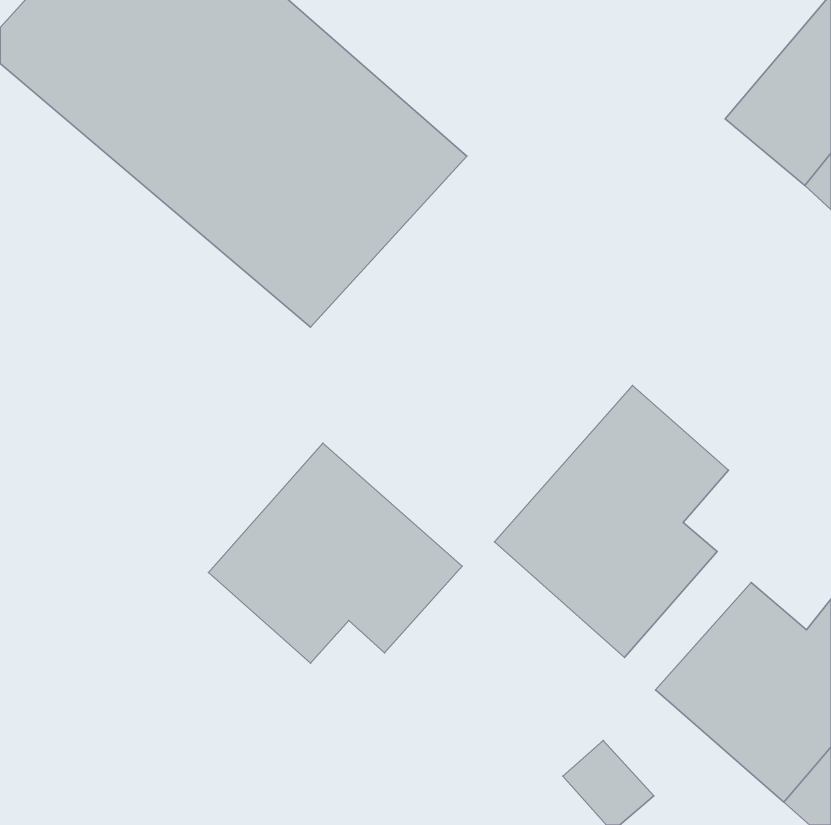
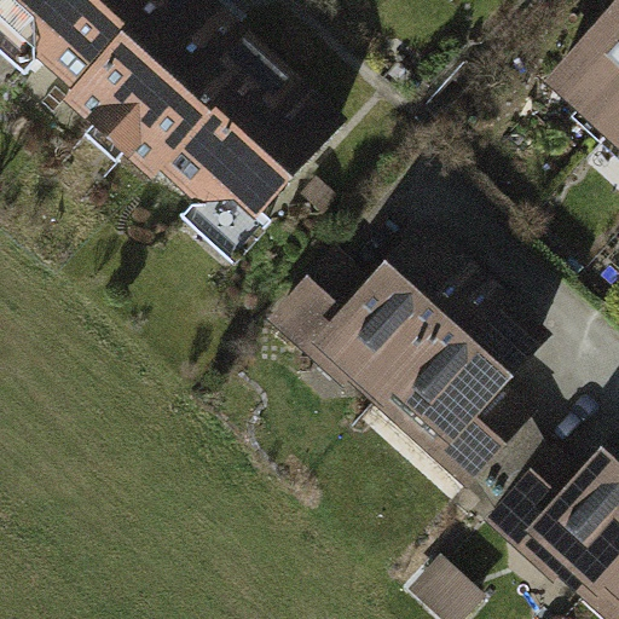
building: none -> [272,238,470,403]
building: [208,443,462,663] -> none

